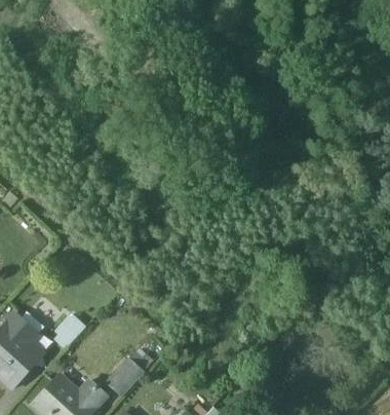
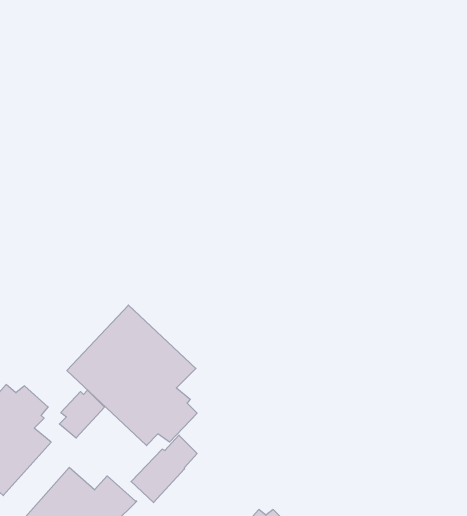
building: none -> [67,305,197,446]

